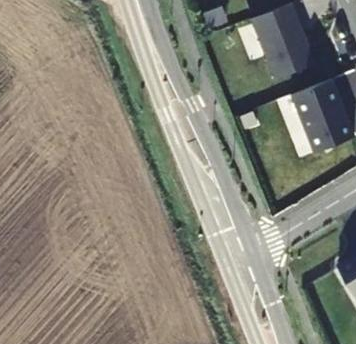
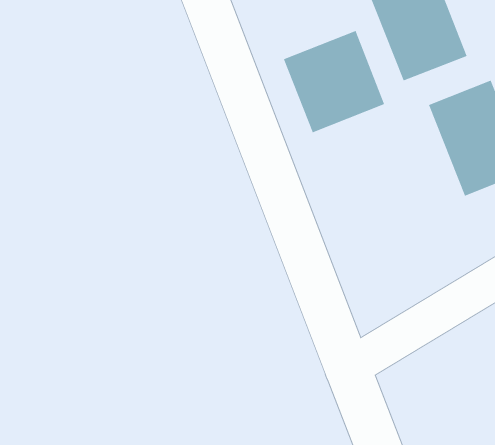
building: none -> [283,30,385,133]

